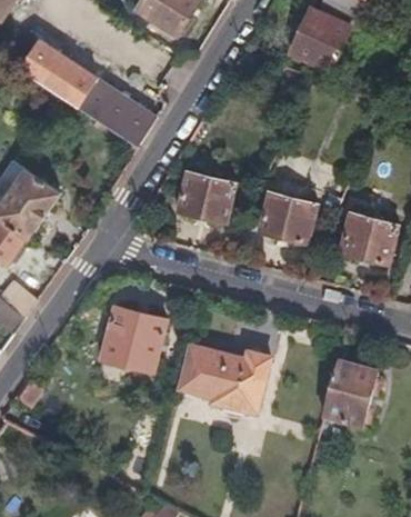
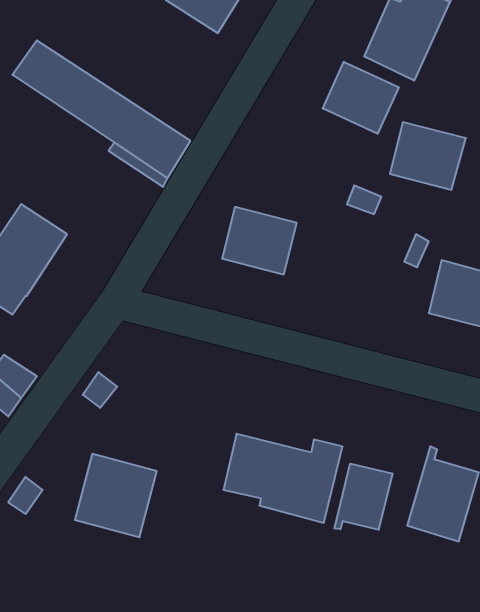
building: none -> [323,62,399,134]
building: [259,191,318,243] -> [390,122,466,190]
building: [101,308,164,372] -> [75,454,157,537]
building: none -> [334,464,392,530]

